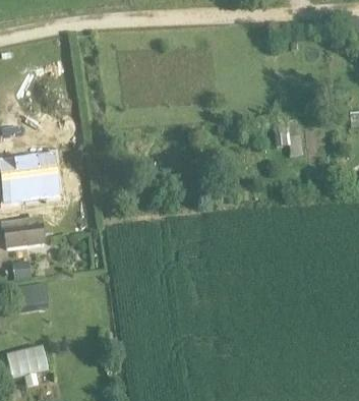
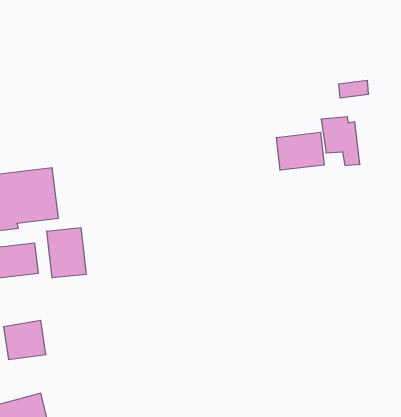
building: none -> [276,132,324,170]
building: none -> [47,228,86,278]

